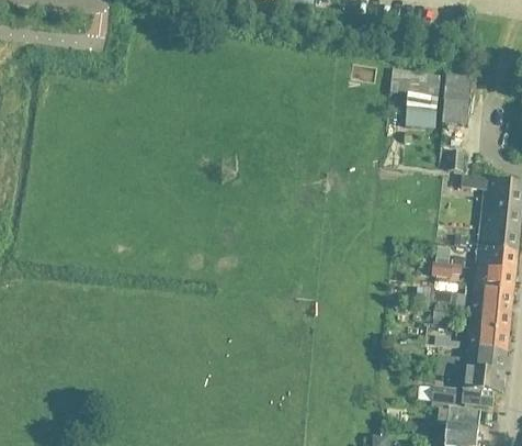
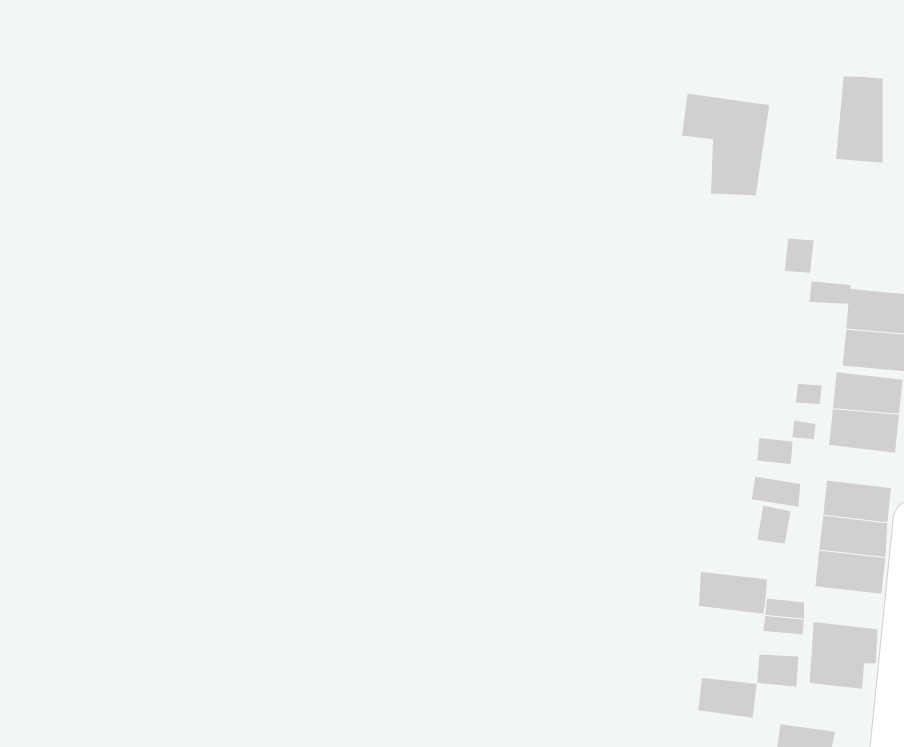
building: [443,75,470,124] -> [835,76,883,163]
building: [473,268,512,292] -> none
building: [465,348,504,372] -> [698,571,768,614]
building: [446,408,480,431] -> [697,678,757,718]

